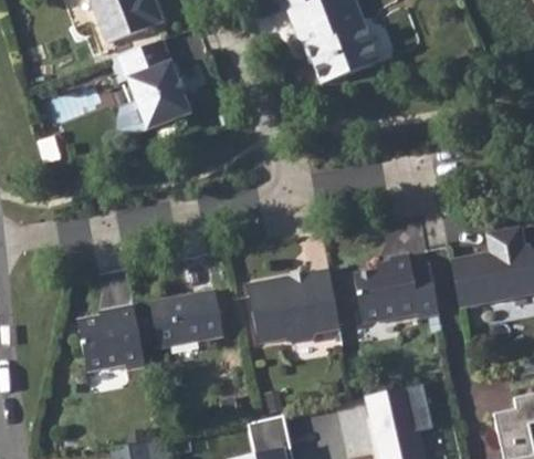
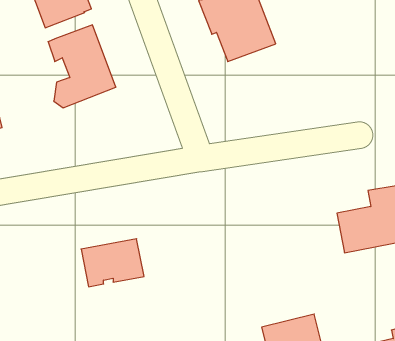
building: [349,254,438,323] -> none
building: [248,270,339,343] -> none
building: [77,305,144,372] -> none

